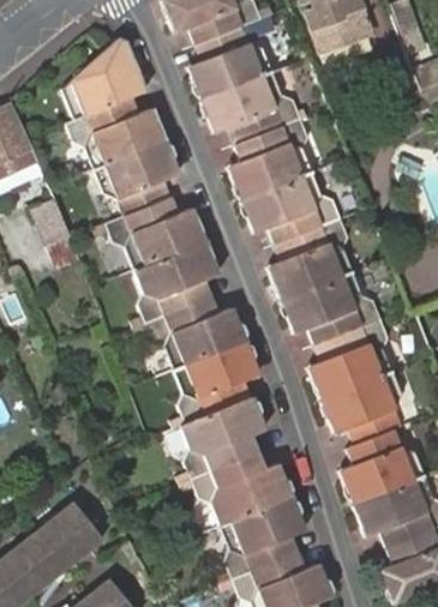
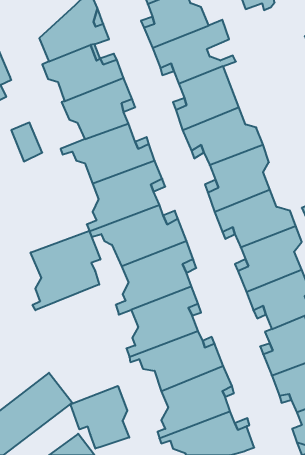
building: none -> [31,231,100,310]
building: none -> [71,386,129,449]

